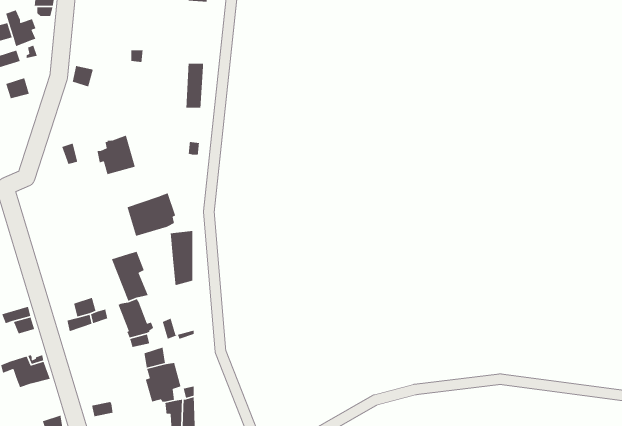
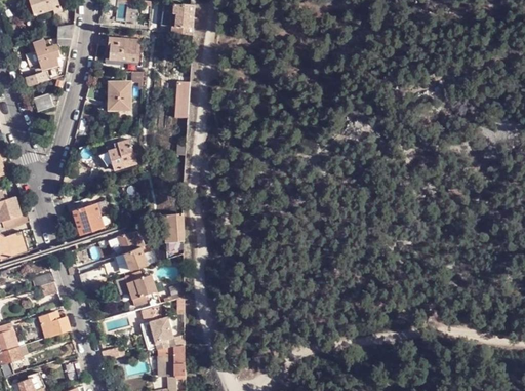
building: none -> [107,38,137,62]
building: none -> [108,82,129,110]
building: [127,192,176,237] -> [71,200,110,235]

